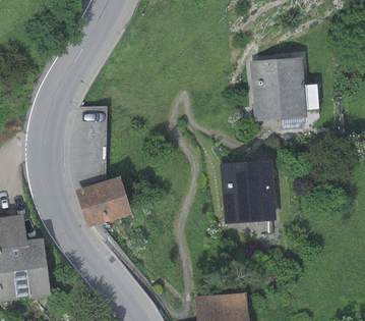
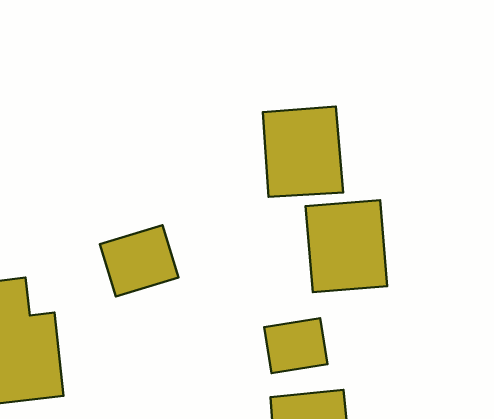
building: [251,58,307,121] -> [263,106,343,197]
building: none -> [264,318,328,373]

